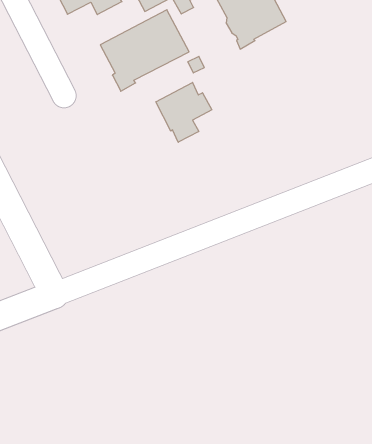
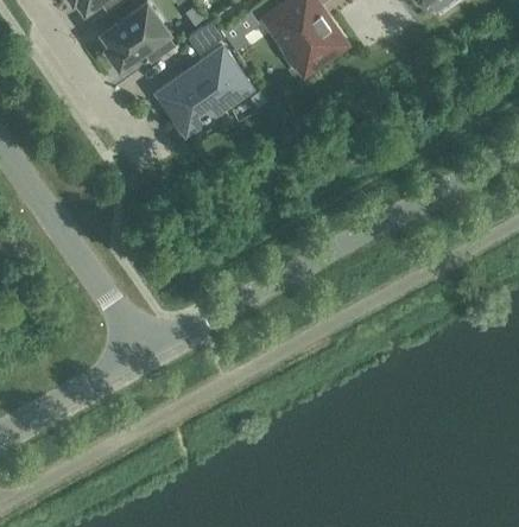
building: [156,82,212,142] -> none

